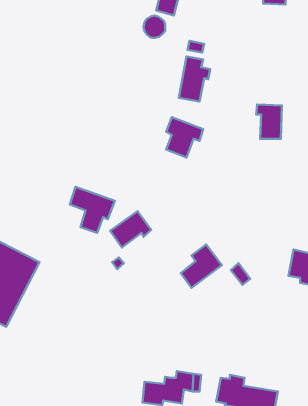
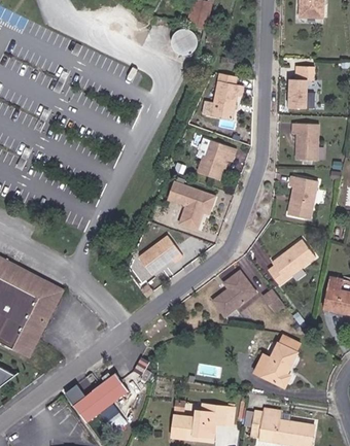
building: none -> [288,66,314,108]
building: none -> [287,176,318,219]
building: [70,187,115,233] -> [168,181,215,230]
building: none -> [268,239,316,285]
building: none -> [253,343,296,387]
building: none -> [73,375,128,423]

